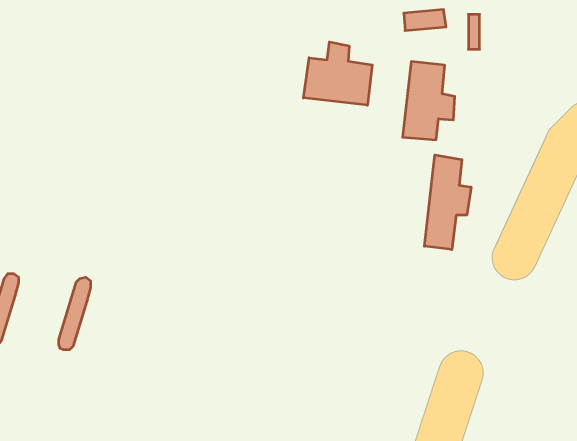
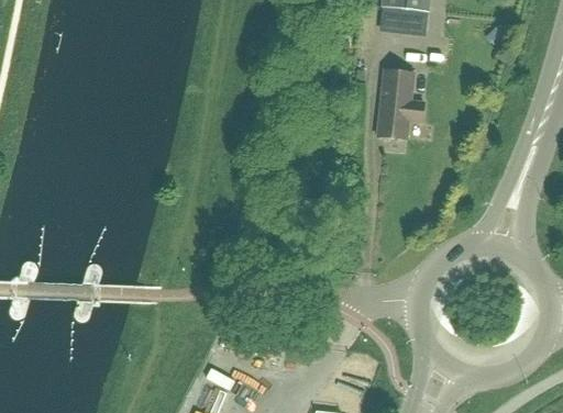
building: [303,42,372,105] -> none
building: [424,155,471,250] -> none

